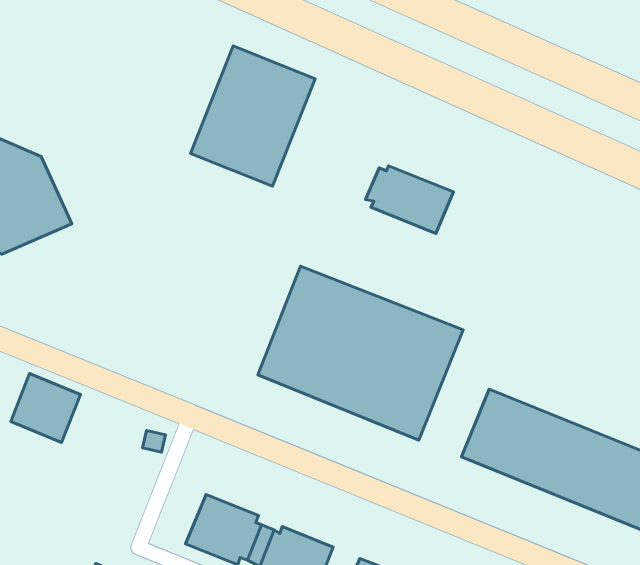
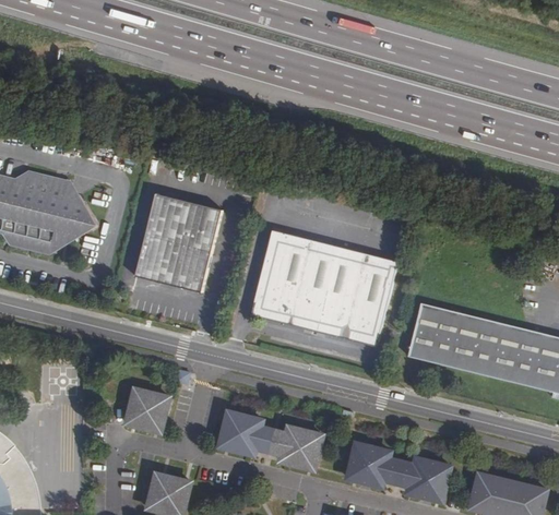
building: [190,46,315,186] -> [134,196,217,295]
building: [366,166,453,233] -> none
building: [11,374,80,442] -> [123,388,171,435]

